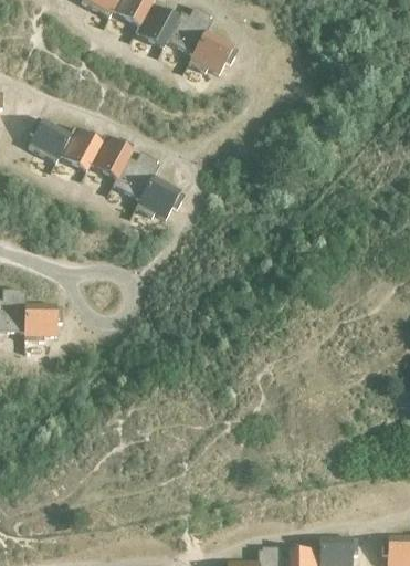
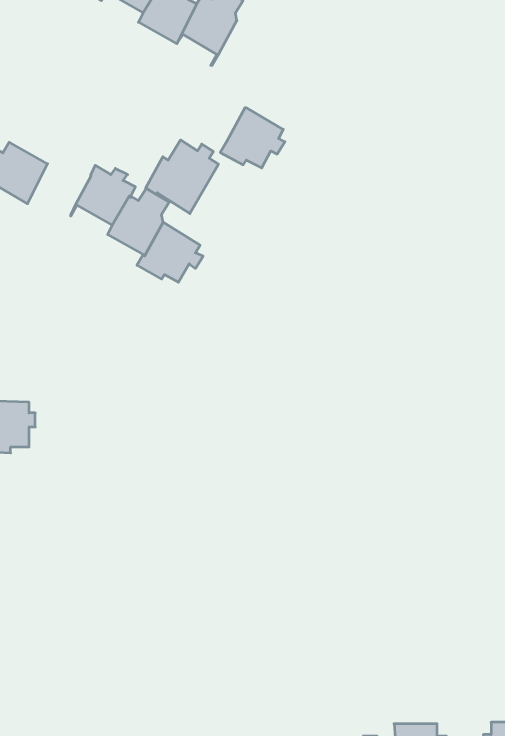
building: [189,31,235,74] -> [220,108,285,168]
building: none -> [146,140,218,214]
building: [60,127,102,170] -> none

